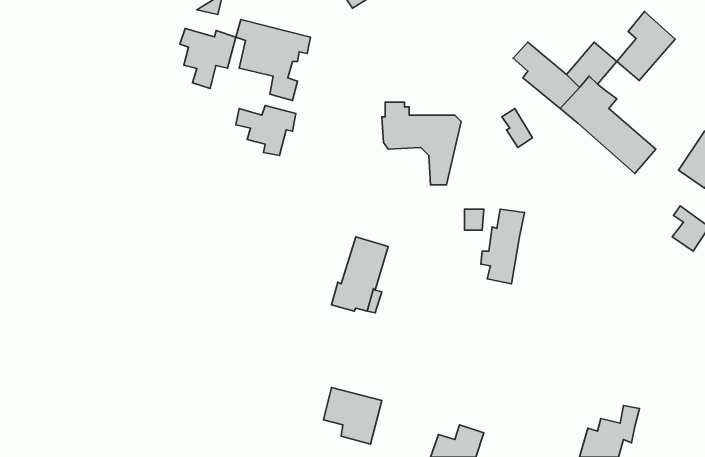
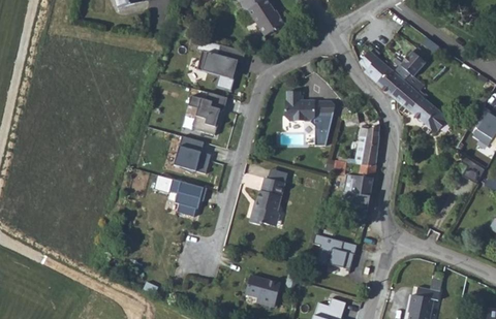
building: [617,12,675,80] -> none
building: [180,29,236,89] -> none
building: none -> [357,121,377,161]
building: none -> [174,135,211,173]
building: none -> [171,179,207,217]
building: none -> [313,234,355,268]

